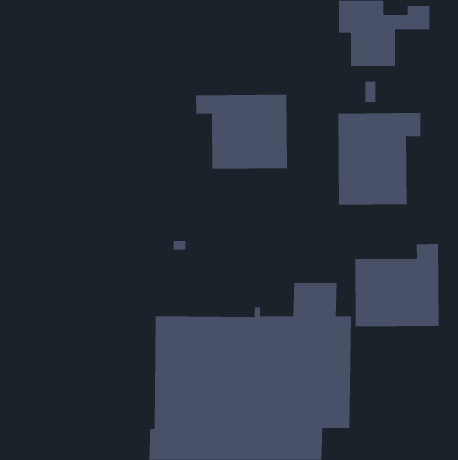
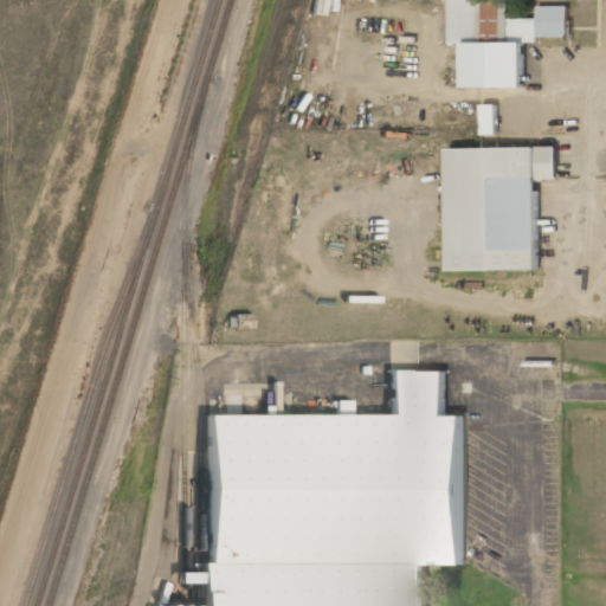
building: [195,94,287,169] -> none
building: [355,243,439,327] -> none

